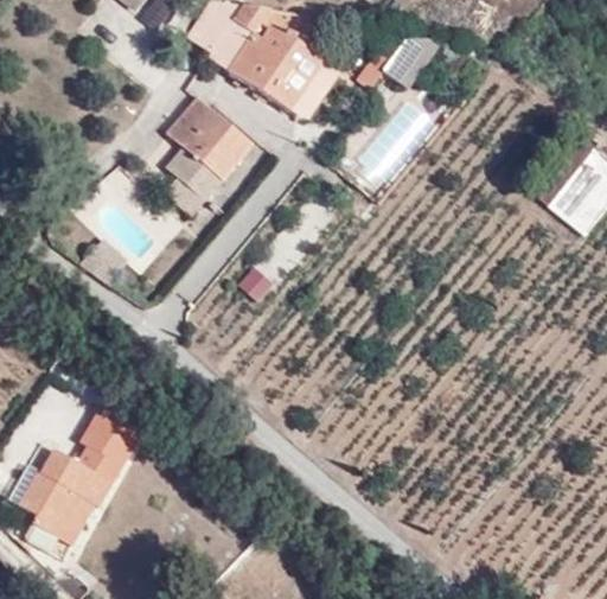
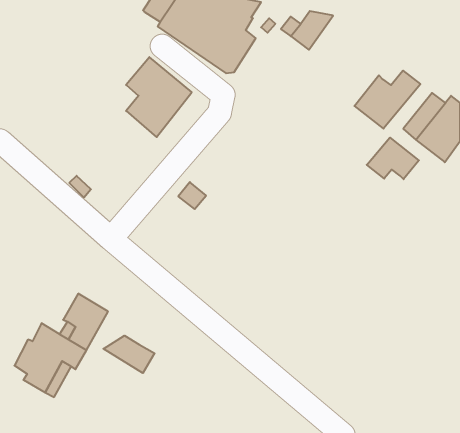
building: none -> [354,71,420,129]
building: none -> [367,138,419,179]
building: none -> [103,336,155,373]

